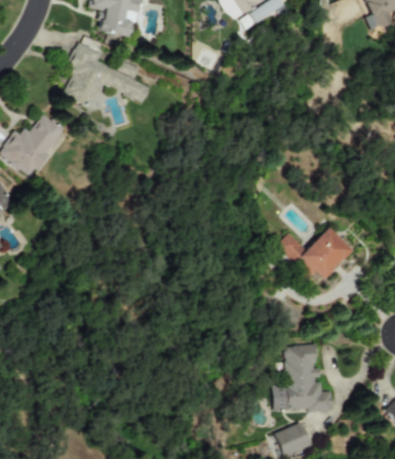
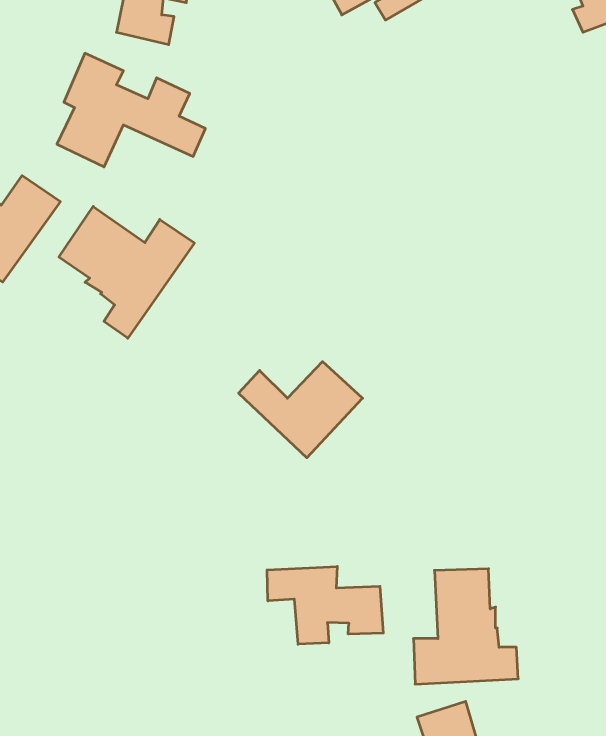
building: none -> [59,206,194,338]
building: [278,226,351,283] -> [239,362,363,458]
building: none -> [267,566,383,644]

